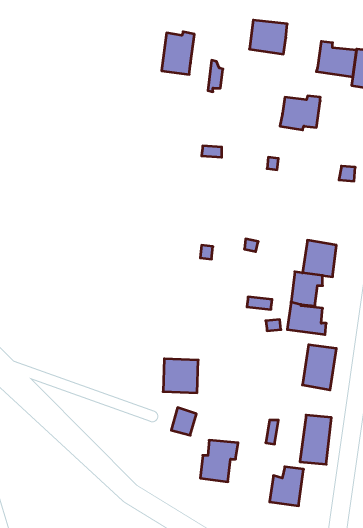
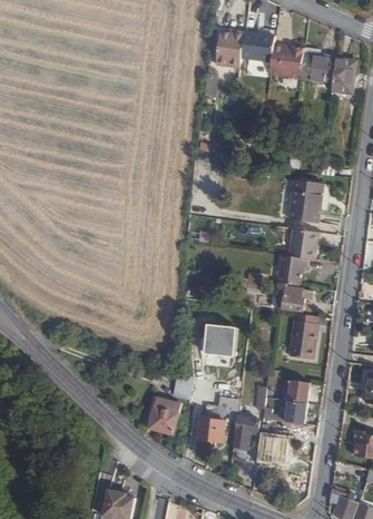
building: [162,32,194,74] -> [215,29,244,67]
building: [280,96,320,130] -> [268,46,304,76]
building: none -> [287,177,323,222]
building: [163,359,198,393] -> [207,326,238,356]
building: none -> [147,402,177,428]
building: none -> [232,415,259,448]

